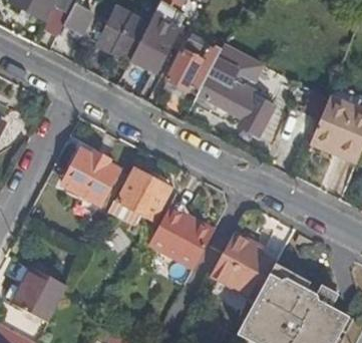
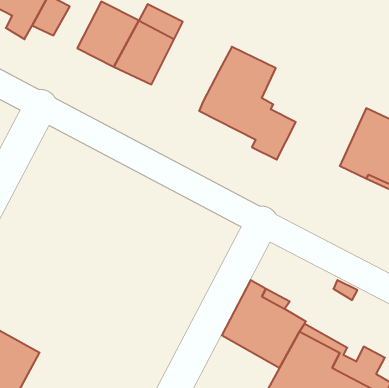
building: [164,30,211,90] -> none
building: [63,148,121,205] -> none
building: [111,167,171,222] -> none
building: [150,205,217,266] -> none

